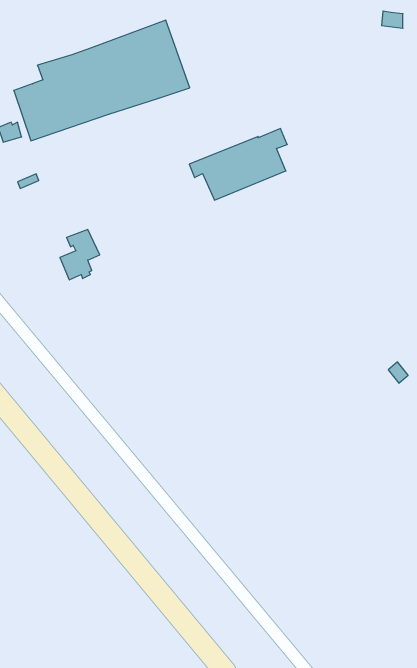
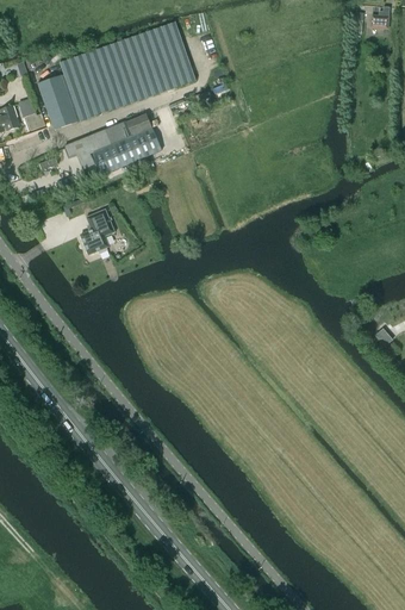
building: [189,129,287,200] -> [64,113,152,178]

